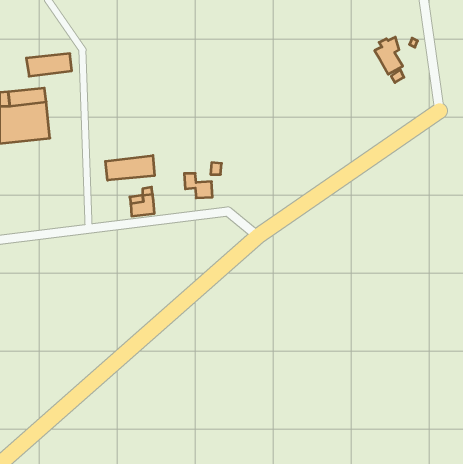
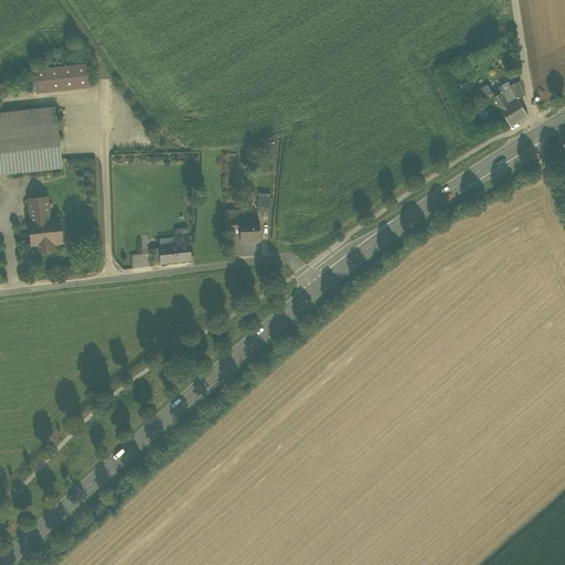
building: [375,37,403,74] -> [493,81,527,126]
building: [105,155,154,180] -> none
building: none -> [28,198,60,253]

